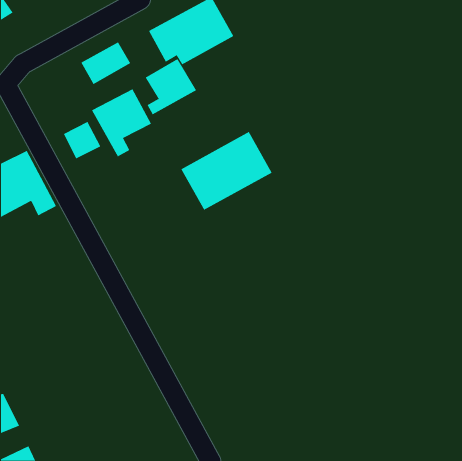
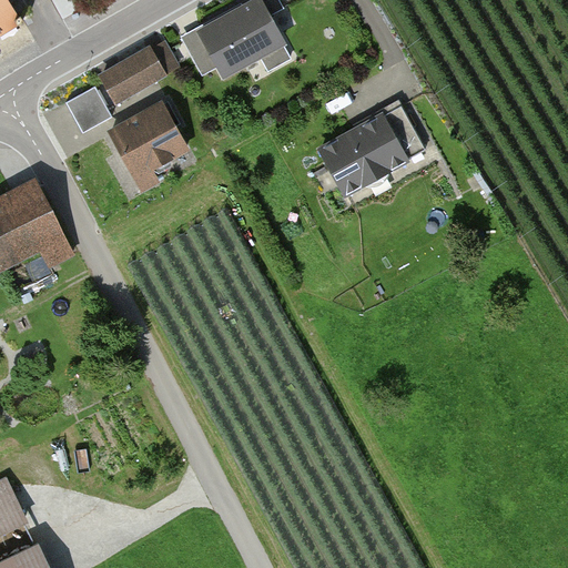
building: [145,58,197,115] -> none
building: [63,121,101,159] -> [70,82,116,129]
building: [180,131,273,211] -> [316,100,429,197]

